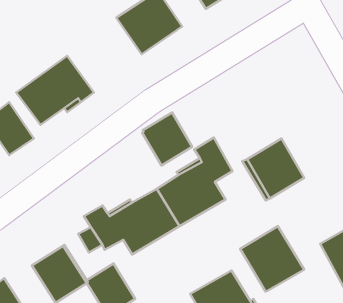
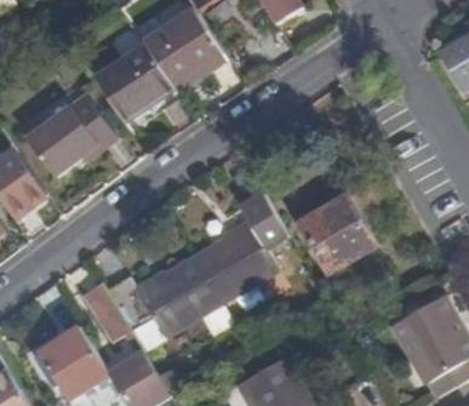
building: none -> [97,47,176,121]
building: [142,113,192,166] -> none
building: [240,226,304,292] -> none

